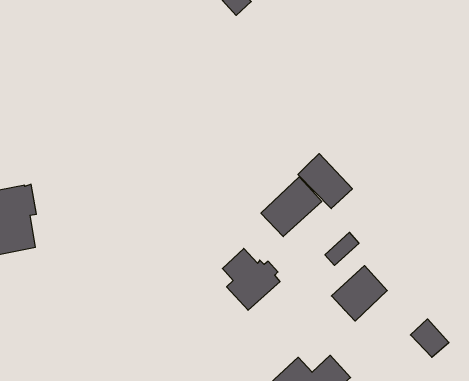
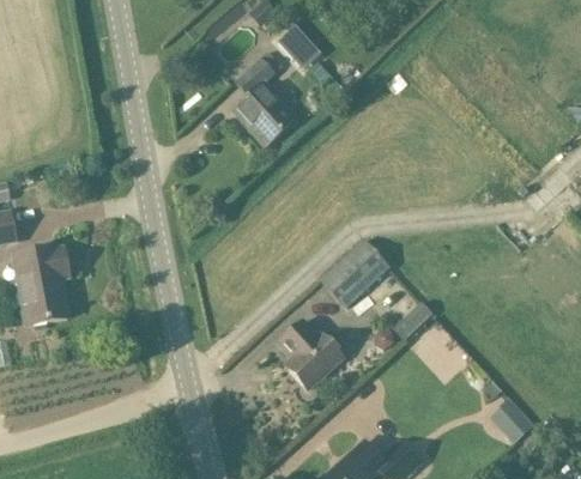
building: none -> [235,59,297,146]
building: [298,154,352,209] -> none
building: [331,266,387,321] -> none

